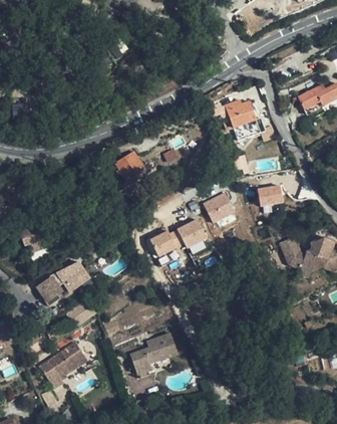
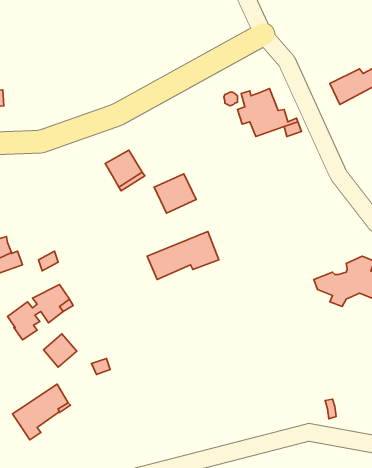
building: [258,184,283,205] -> none
building: [202,190,236,222] -> [154,174,196,213]
building: [130,333,178,374] -> none

